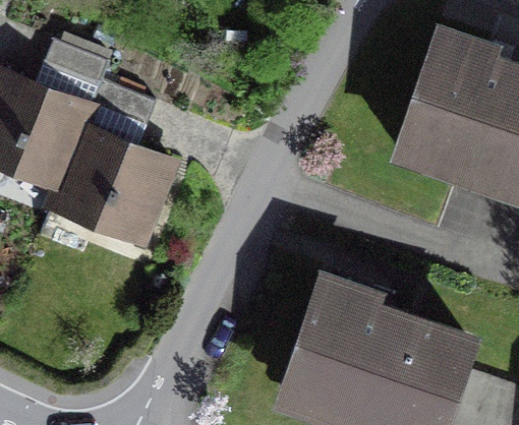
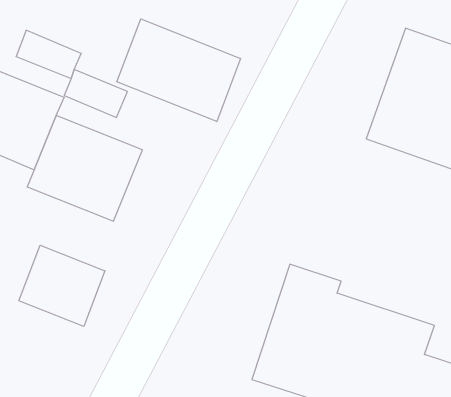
building: none -> [117,19,241,122]
building: none -> [19,245,105,326]

